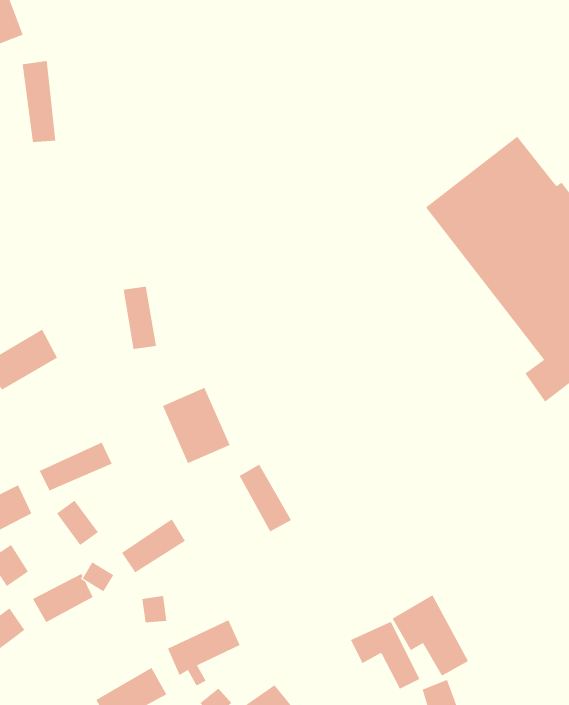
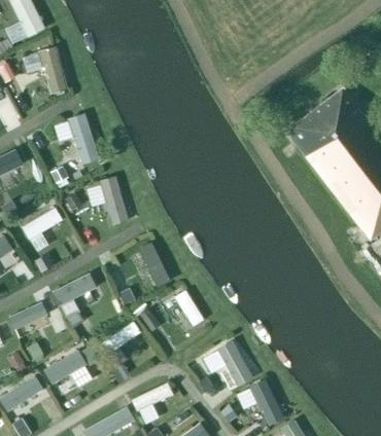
building: none -> [65,111,102,162]
building: [392,594,469,676] -> [208,338,254,388]

